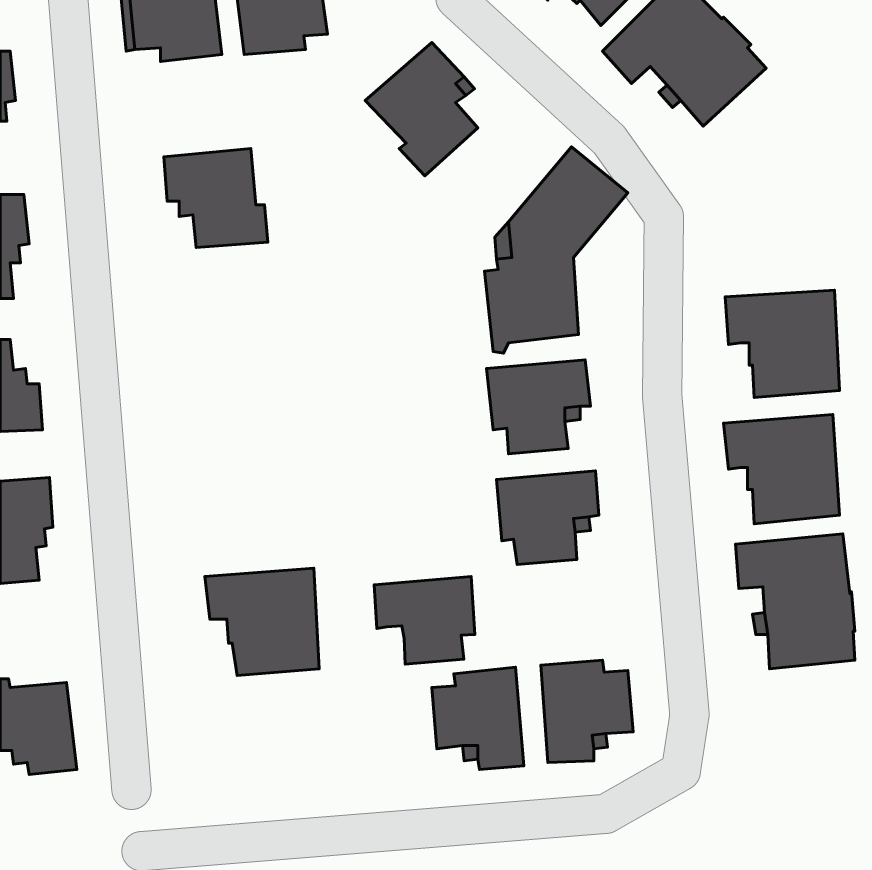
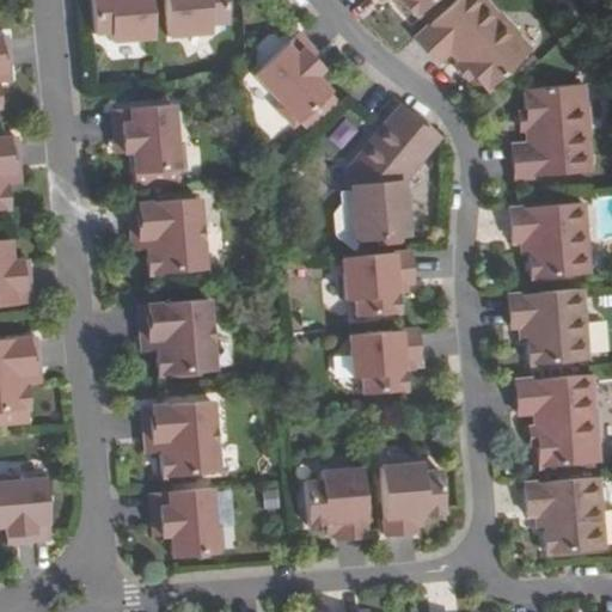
building: none -> [513,84,593,177]
building: none -> [130,198,208,274]
building: none -> [142,296,222,373]
building: [374,577,475,664] -> none
building: none -> [524,478,605,555]
building: none -> [149,486,224,557]

